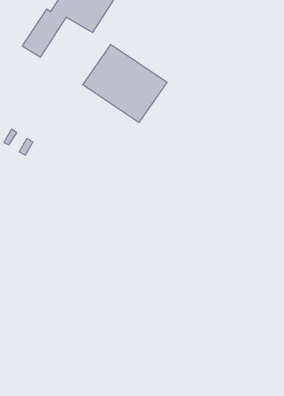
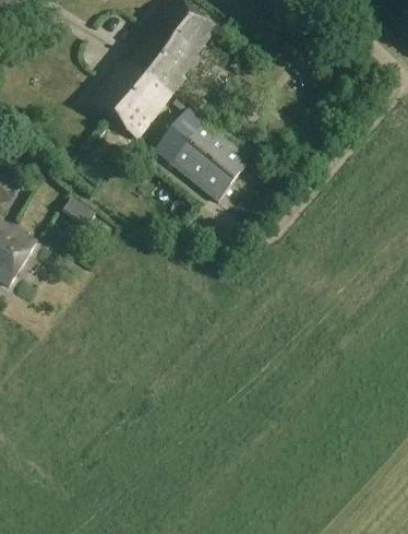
building: none -> [111,74,172,139]

